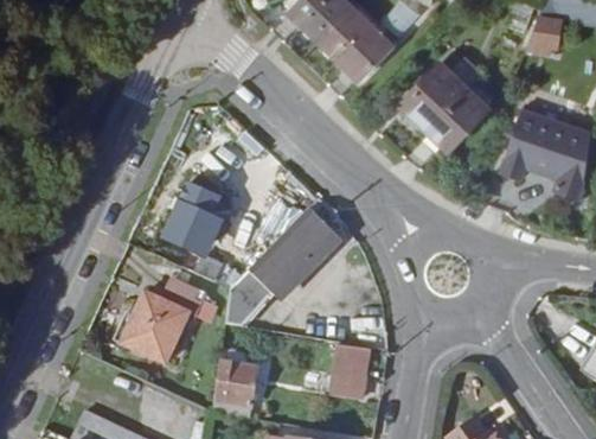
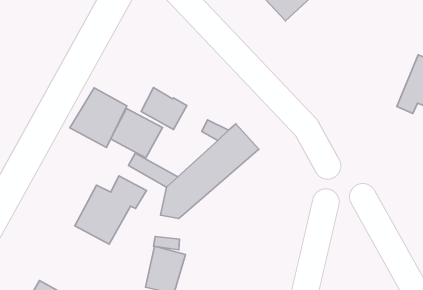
building: [400,62,488,151] -> none
building: none -> [70,88,127,147]
building: [332,337,369,387] -> none

